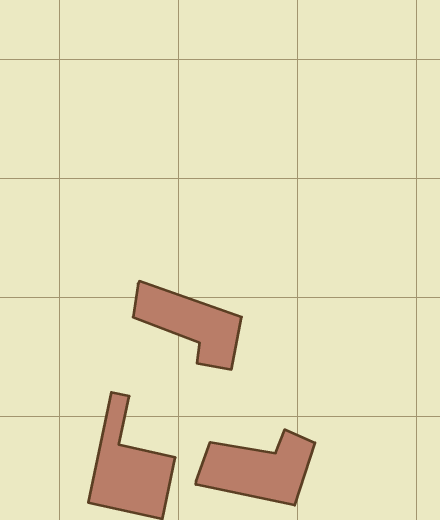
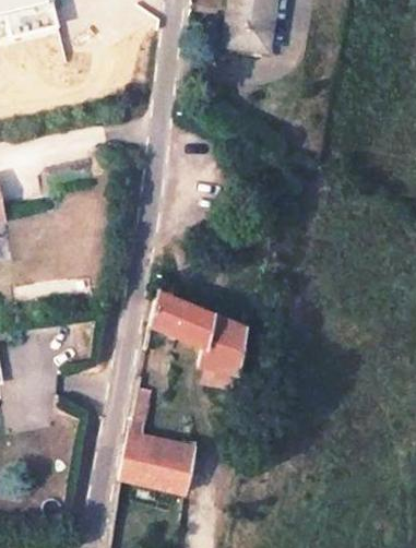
building: [196,430,315,505] -> none

